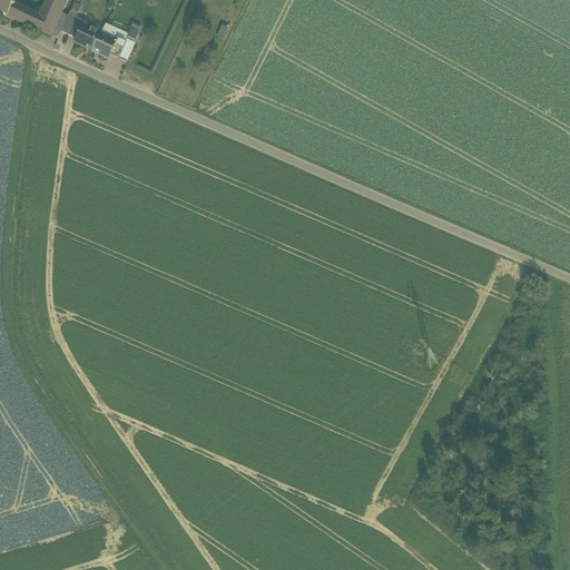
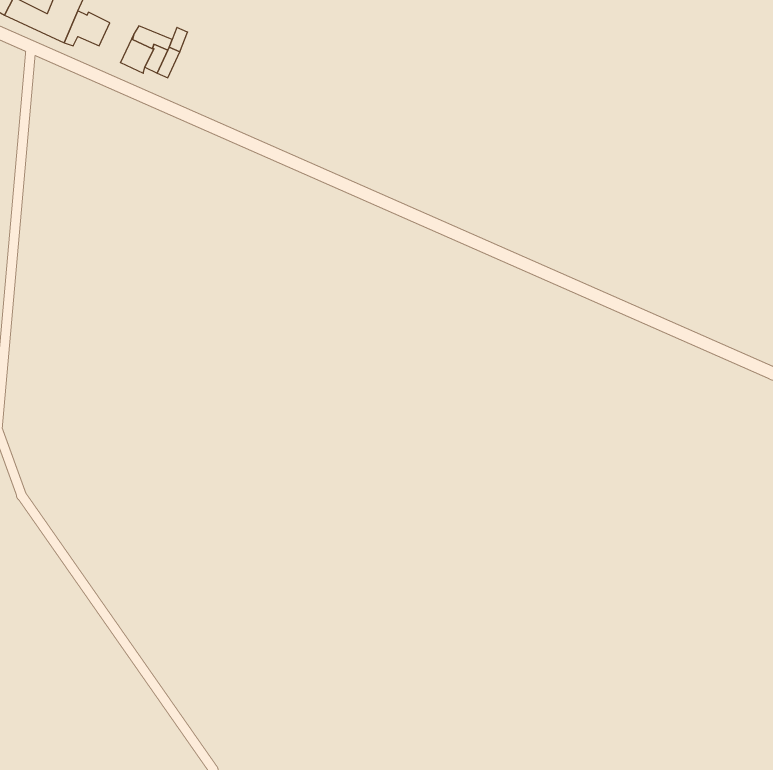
building: [70,17,98,46] -> none

